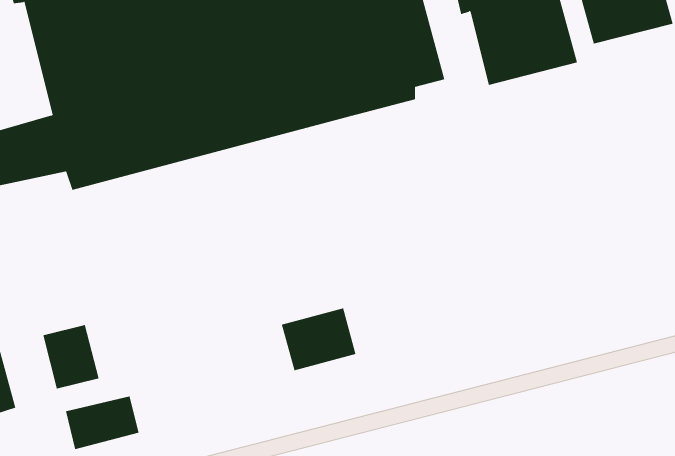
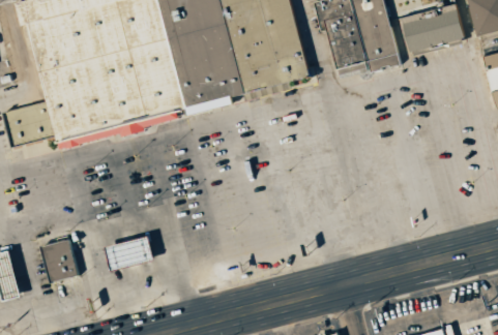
building: [281,308,356,371] -> none
building: [65,396,139,450] -> [105,237,154,273]

